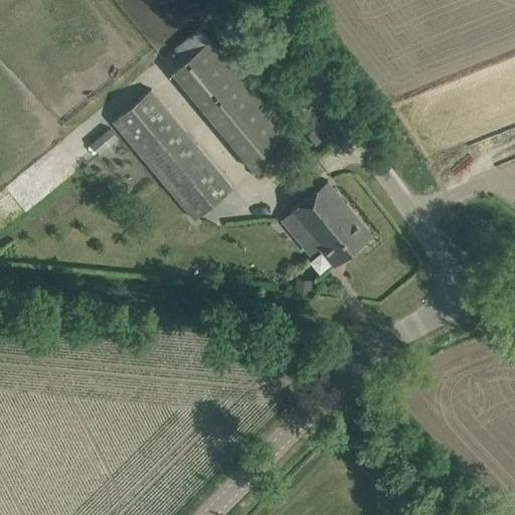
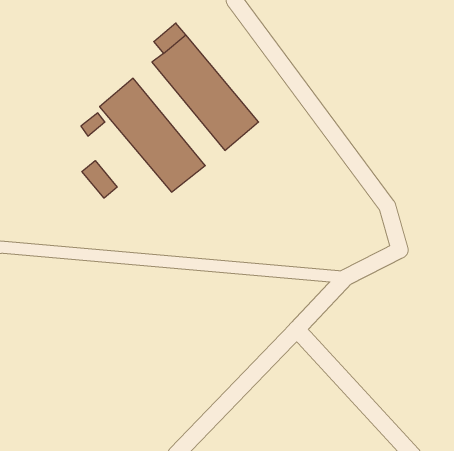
building: [290,184,372,270] -> none
building: none -> [82,161,117,198]

